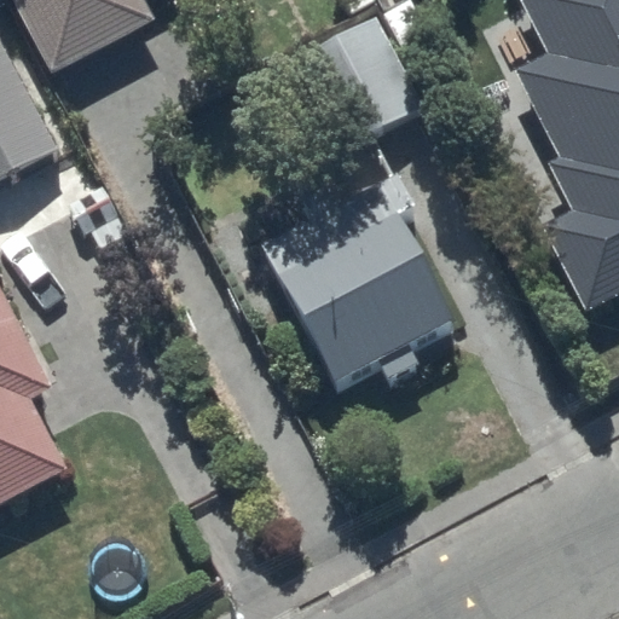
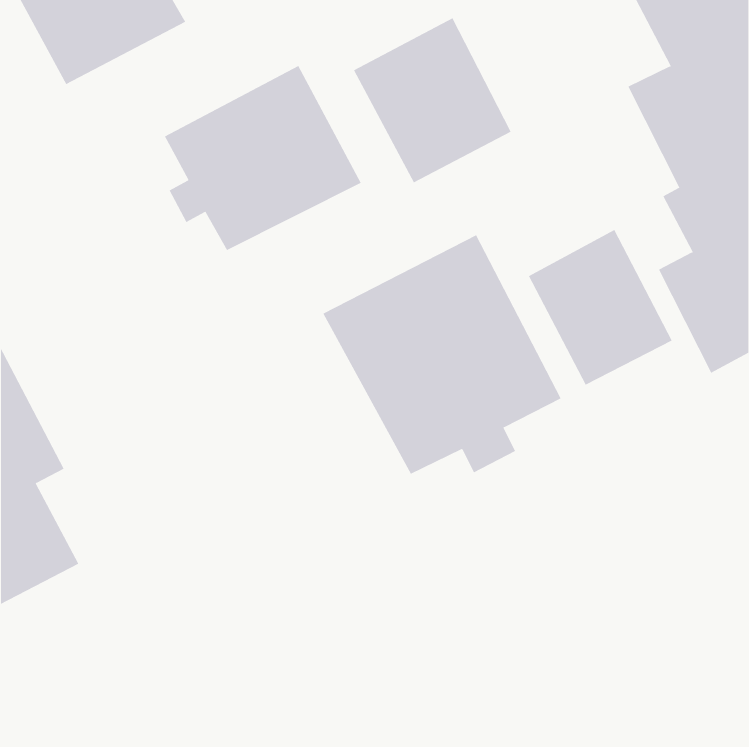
building: none -> [164,65,361,251]
building: none -> [528,229,673,386]

